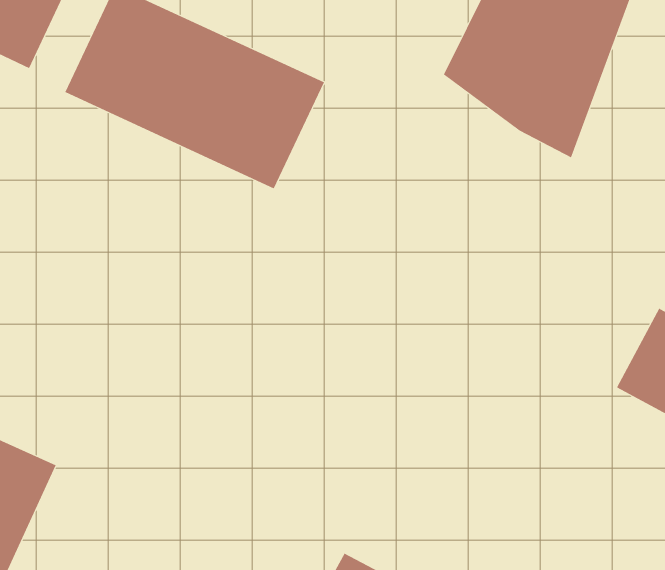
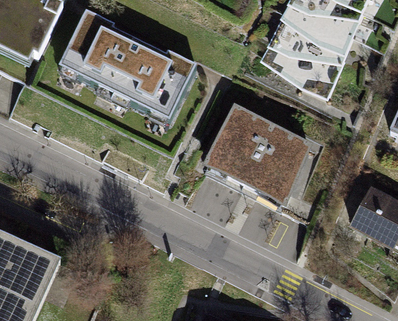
building: none -> [204,108,312,202]

